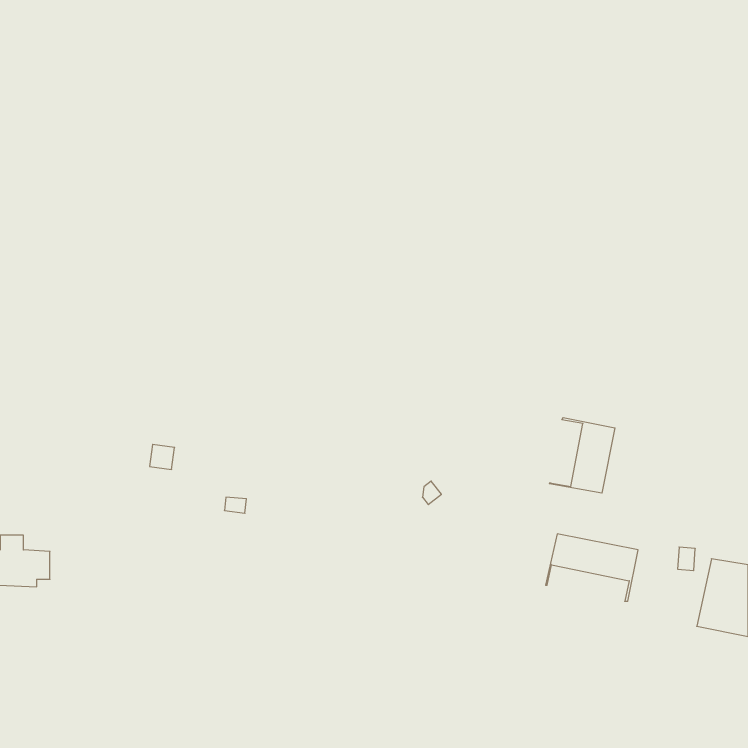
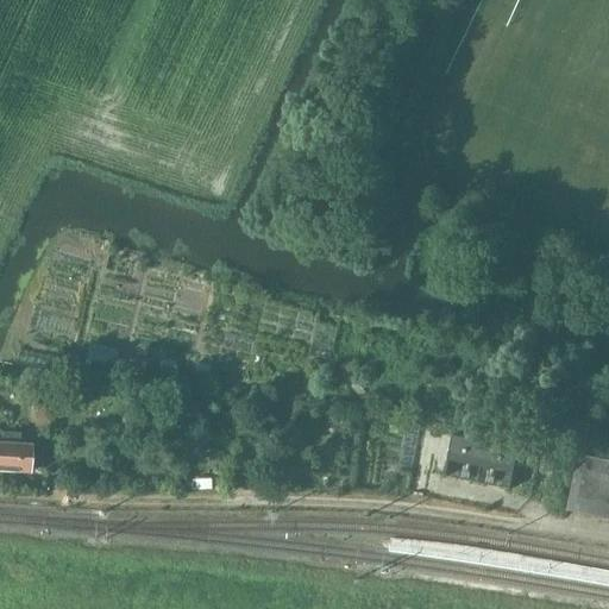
building: [549,418,615,493] -> none

